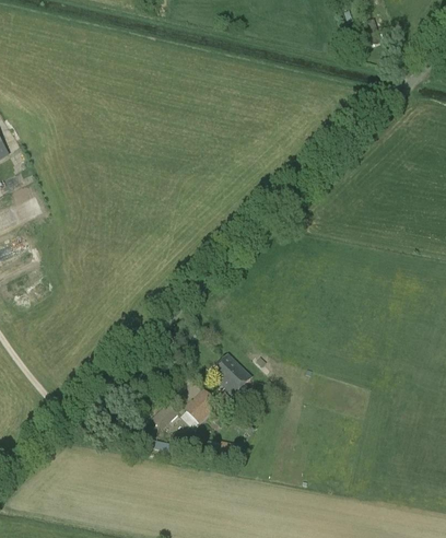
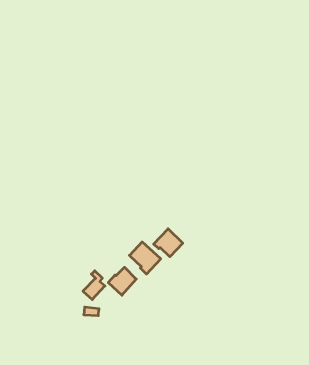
building: none -> [154,229,183,257]

